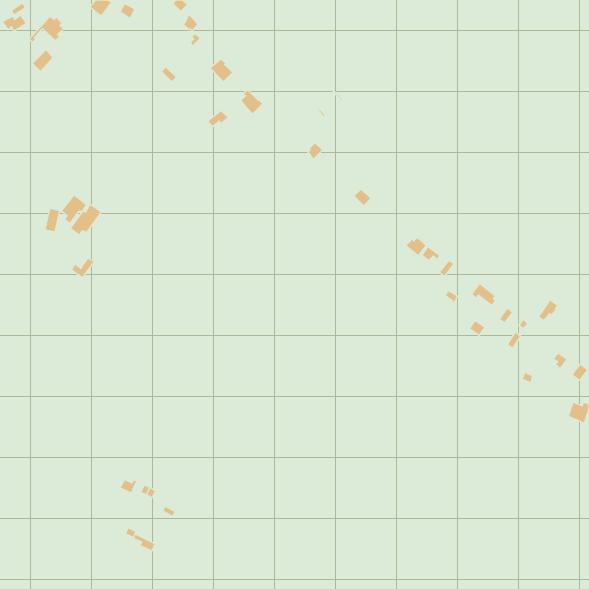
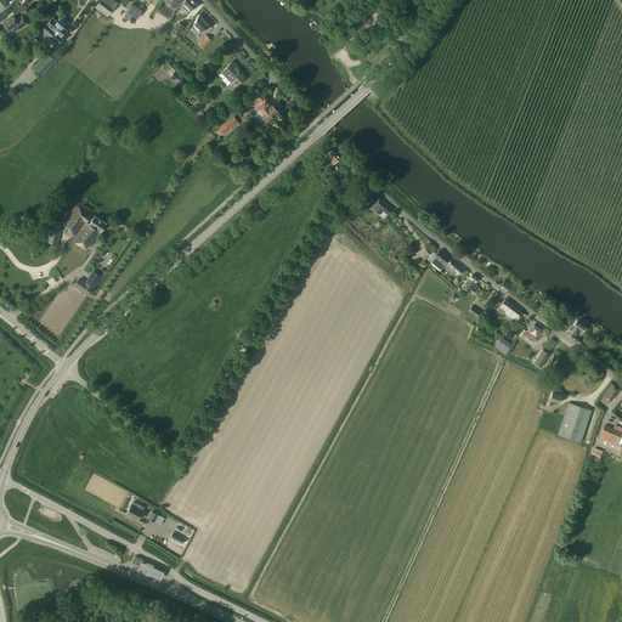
building: none -> [558,402,592,442]

